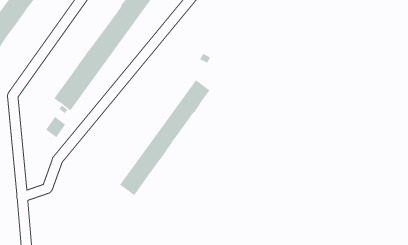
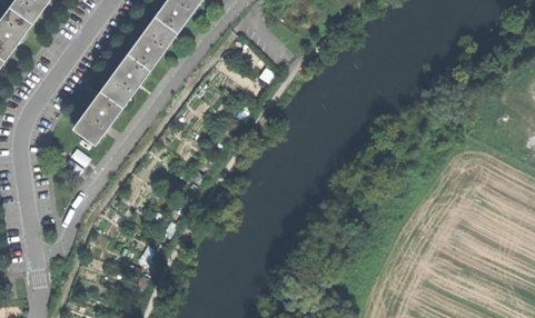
building: [119,79,210,196] -> none

